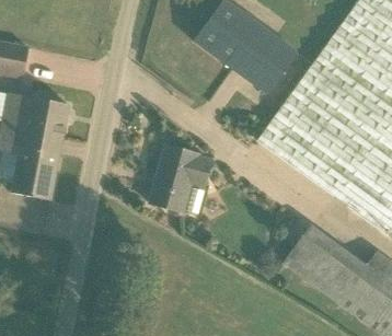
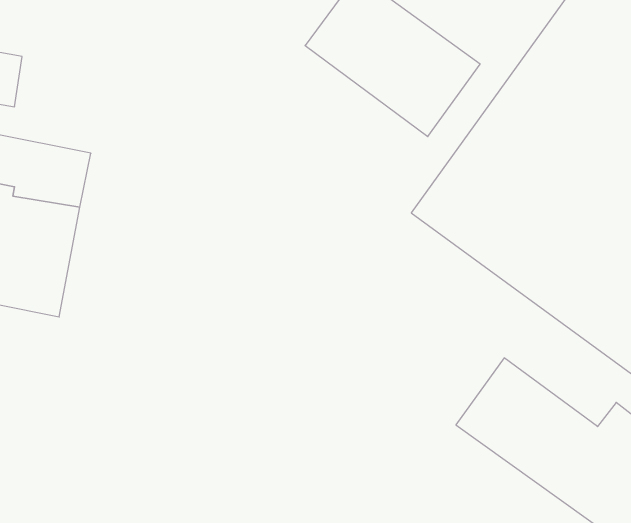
building: [150,144,209,215] -> none

